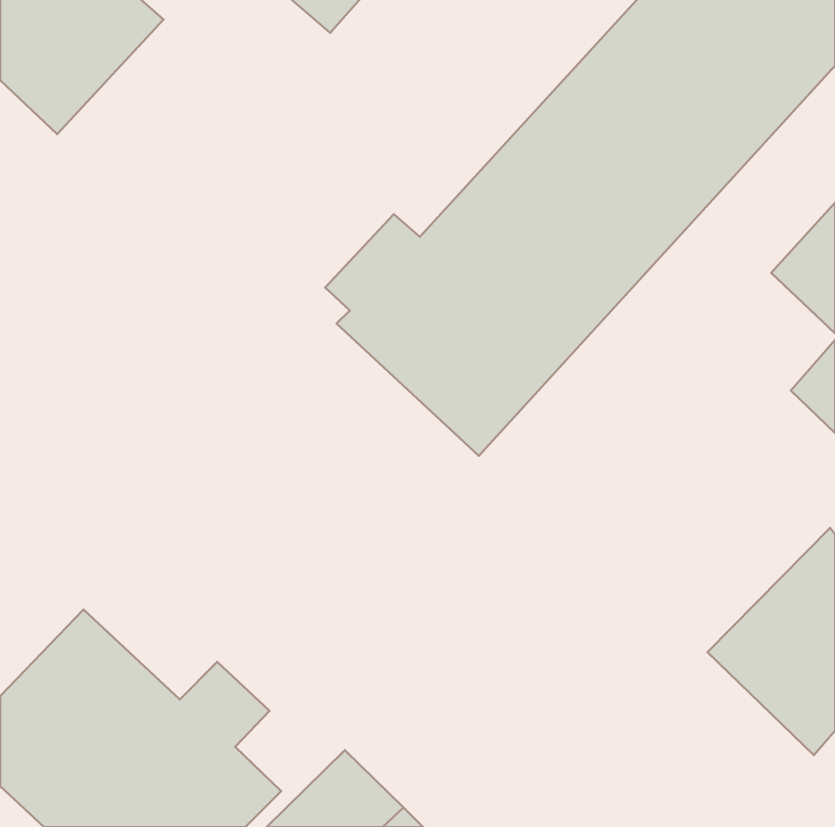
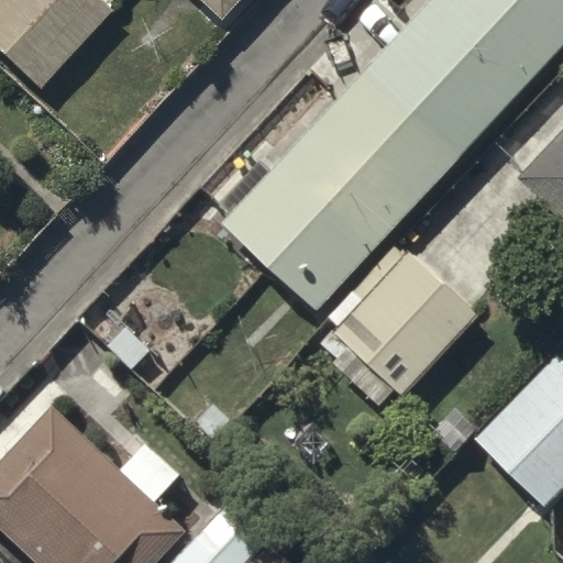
building: none -> [298,244,477,406]

